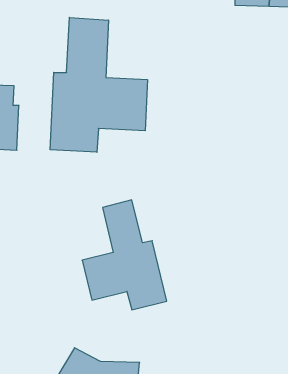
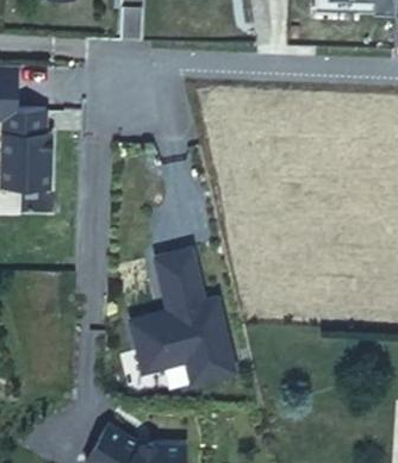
building: [50,17,147,152] -> none

